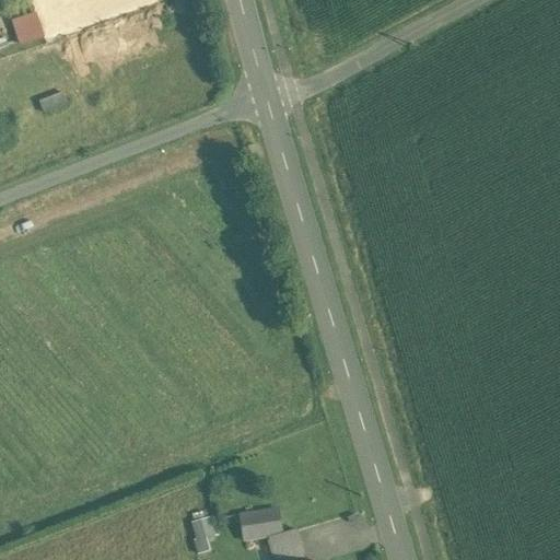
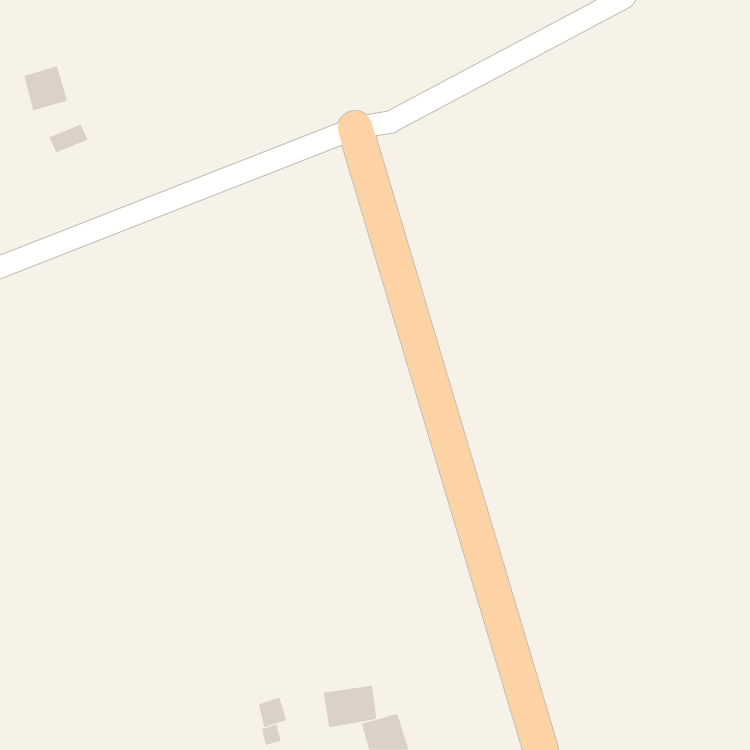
building: [9,9,42,43] -> [24,65,68,111]

